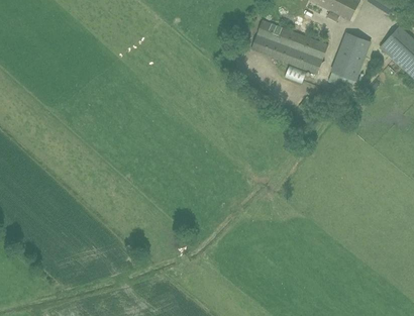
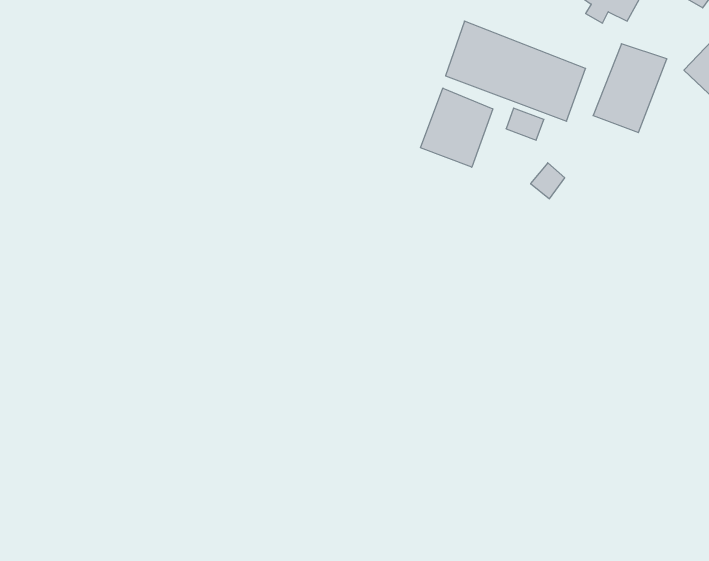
building: none -> [421,88,493,167]

